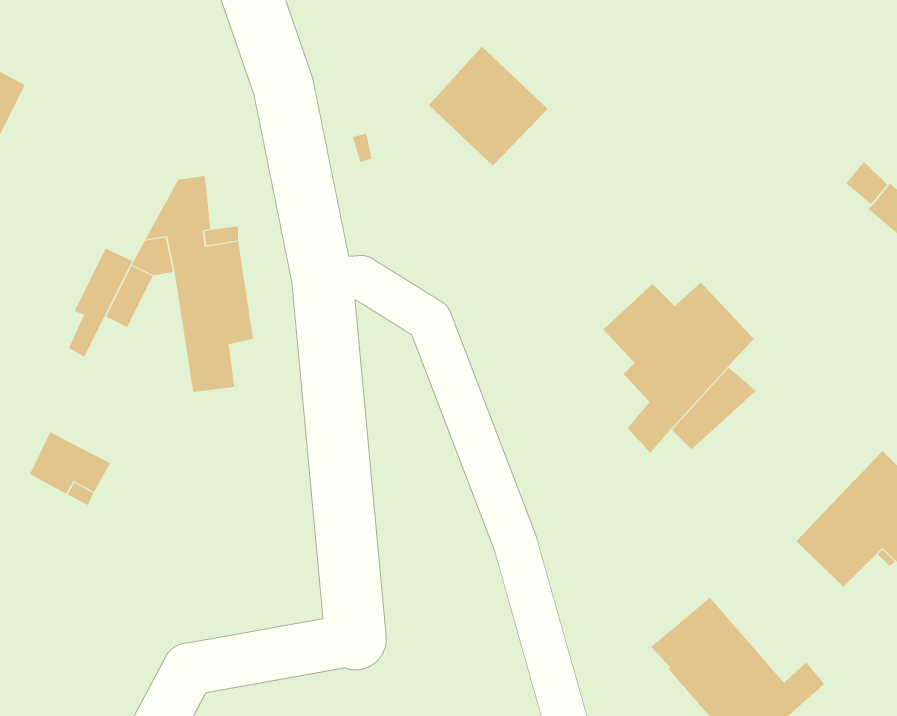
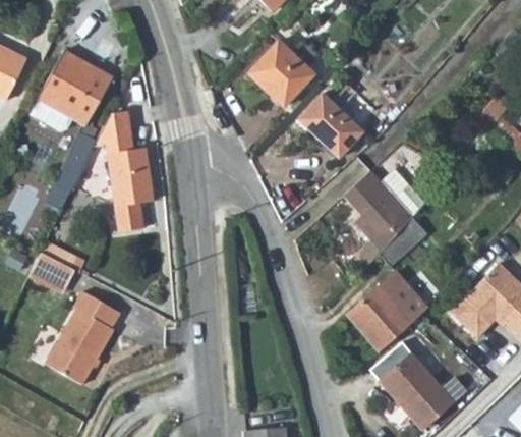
building: none -> [35,50,112,126]
building: none -> [298,93,363,158]
building: none -> [345,272,411,350]
building: none -> [47,289,124,382]

